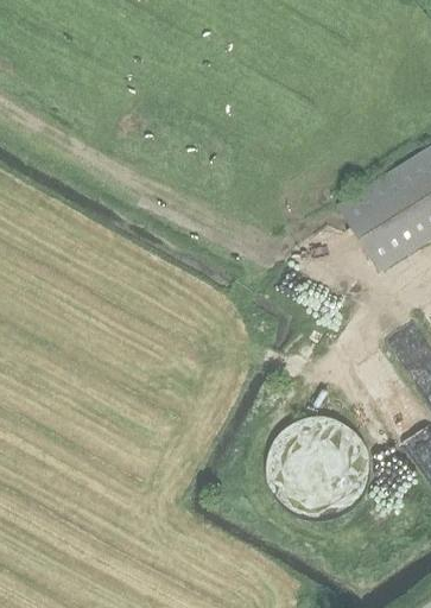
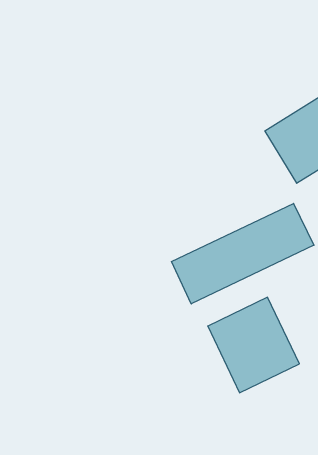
building: none -> [171,203,314,304]

